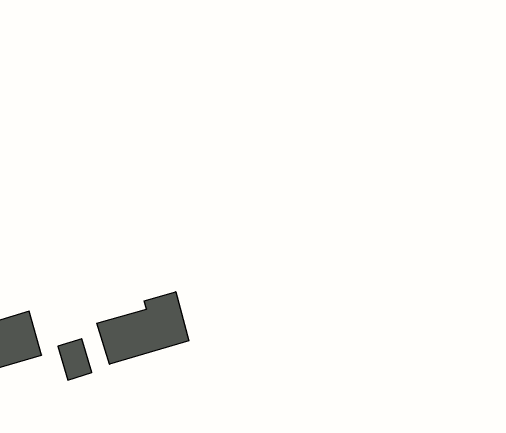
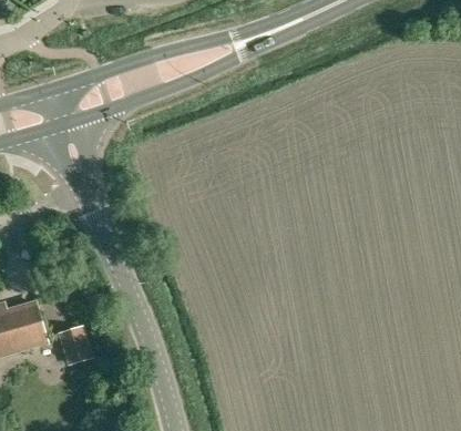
building: [97,292,189,364] -> none

